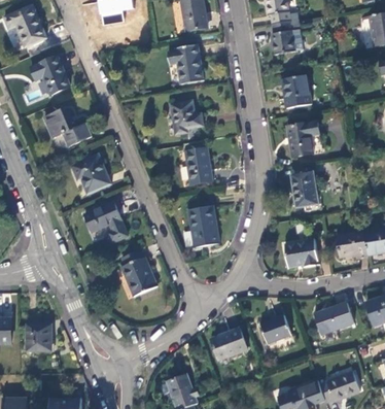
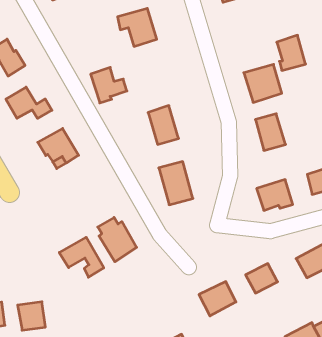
building: [285,72,311,105] -> [277,35,306,70]
building: [169,98,203,132] -> [91,67,127,103]
building: [83,201,126,241] -> [59,237,104,277]

